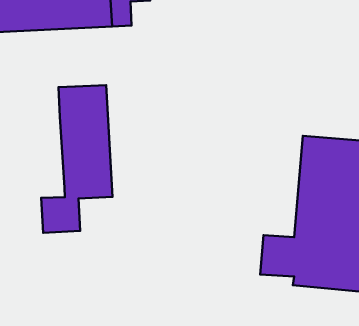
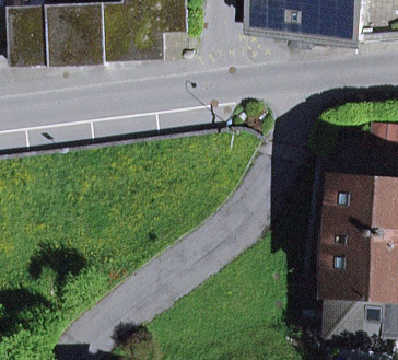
building: [41,85,113,233] -> none

